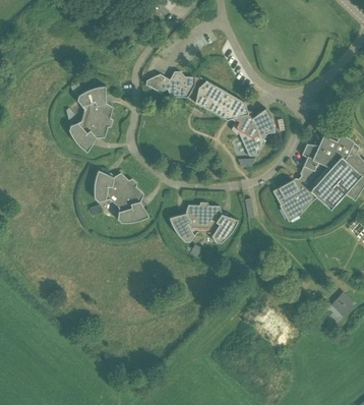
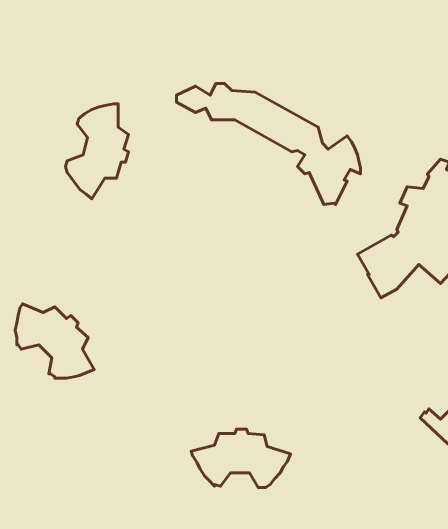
building: [93,171,147,223] -> [15,304,94,378]
building: [168,202,237,243] -> [191,429,290,488]

